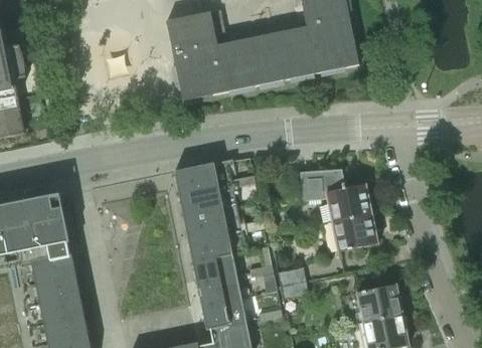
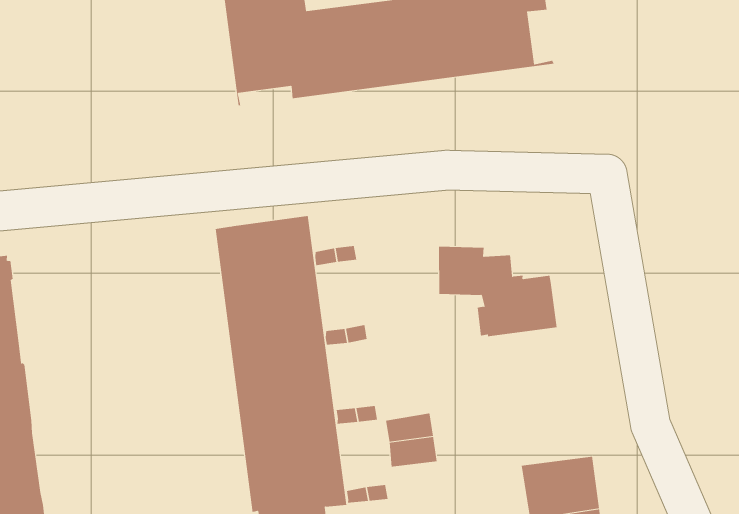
building: [331,212,376,250] -> none

